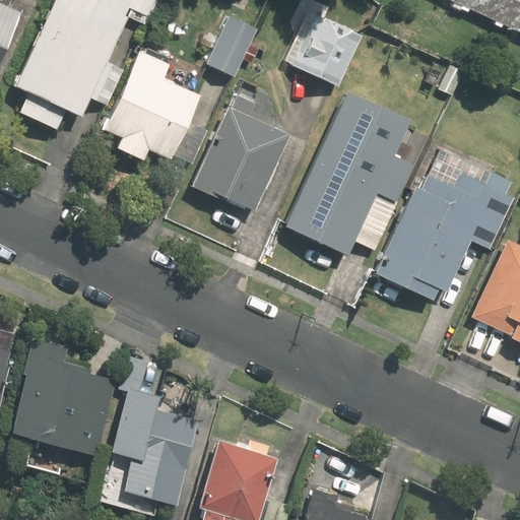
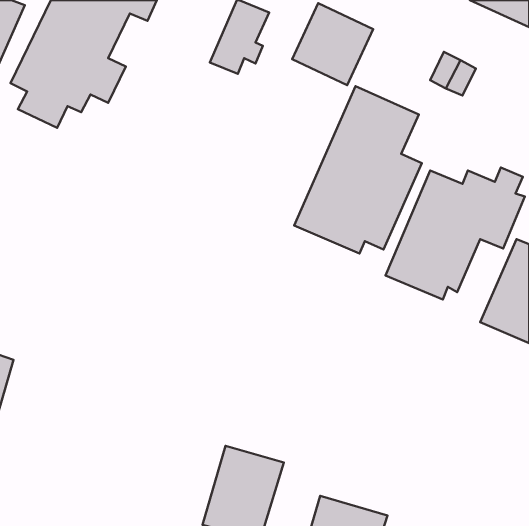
building: [103,42,199,159] -> none
building: [189,91,290,216] -> none
building: [12,335,114,451] -> none
building: [111,388,197,504] -> none

